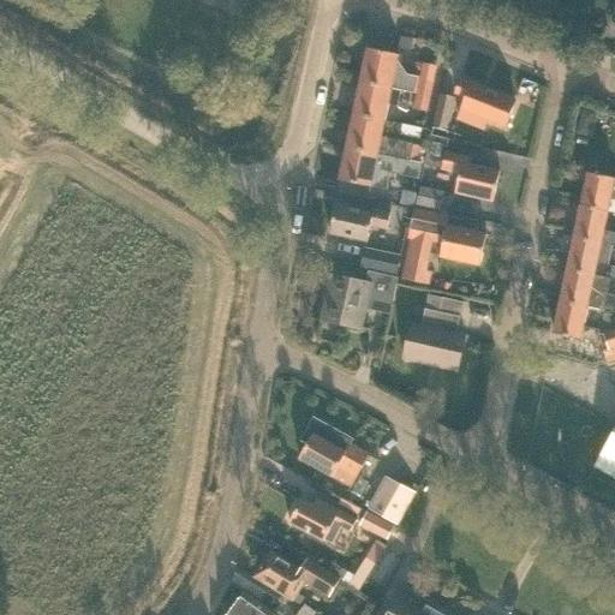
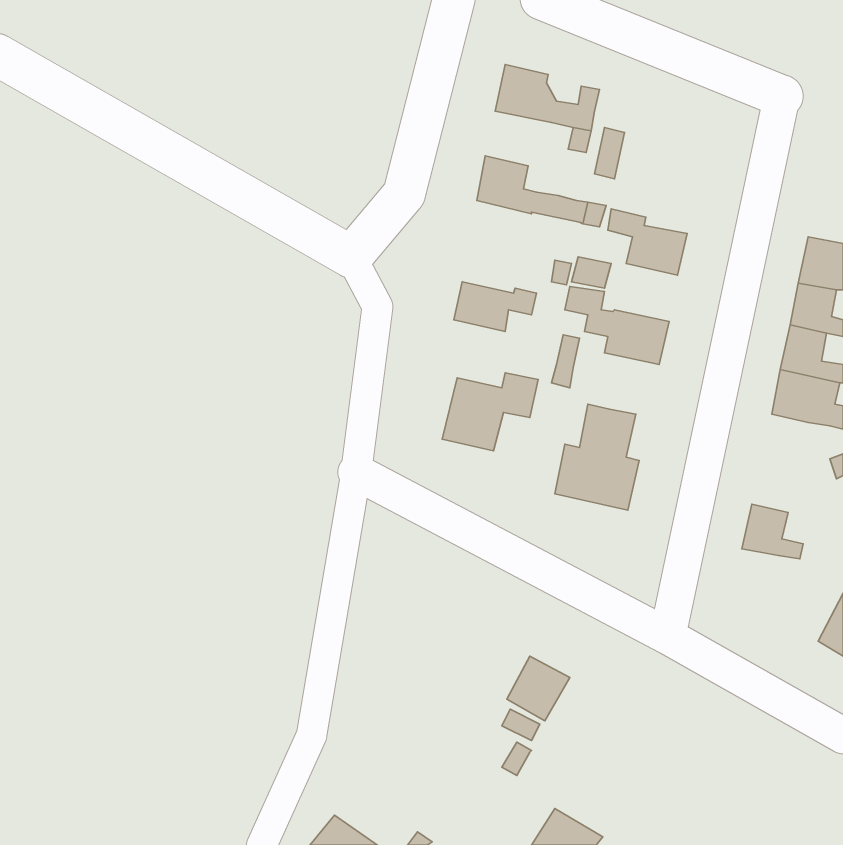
building: [352,80,400,120] -> none
building: [454,80,514,127] -> none
building: [339,145,420,189] -> none
building: [359,246,400,275] -> none
building: [553,300,597,340] -> [742,504,803,559]
building: [298,417,368,478] -> none
building: [288,497,356,539] -> none
building: [253,550,340,601] -> none

